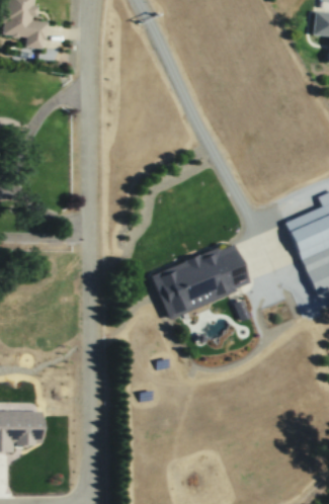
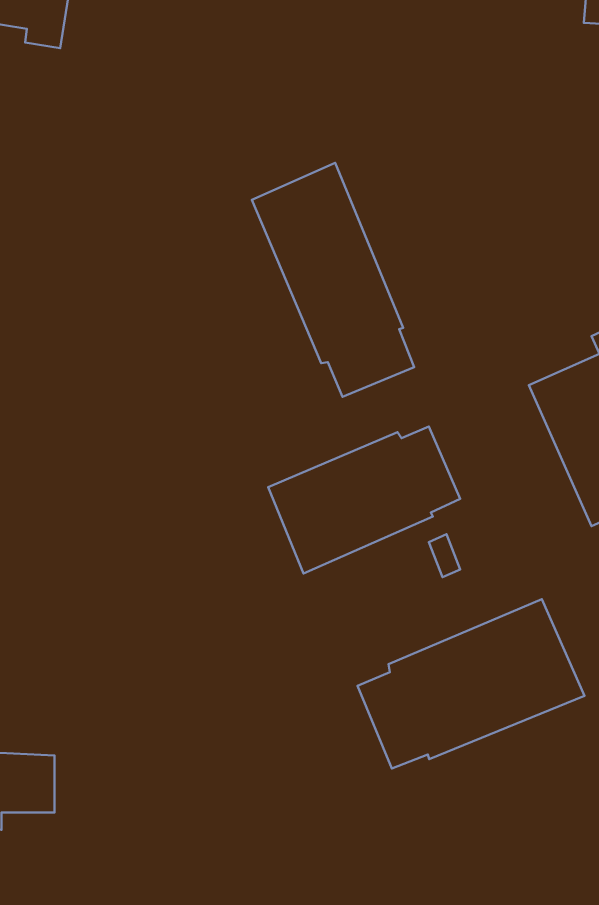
building: none -> [252,163,414,397]
building: none -> [357,599,584,768]

